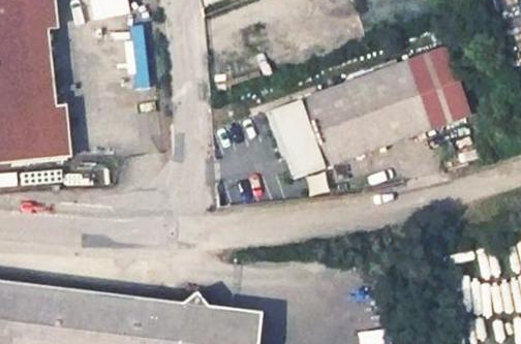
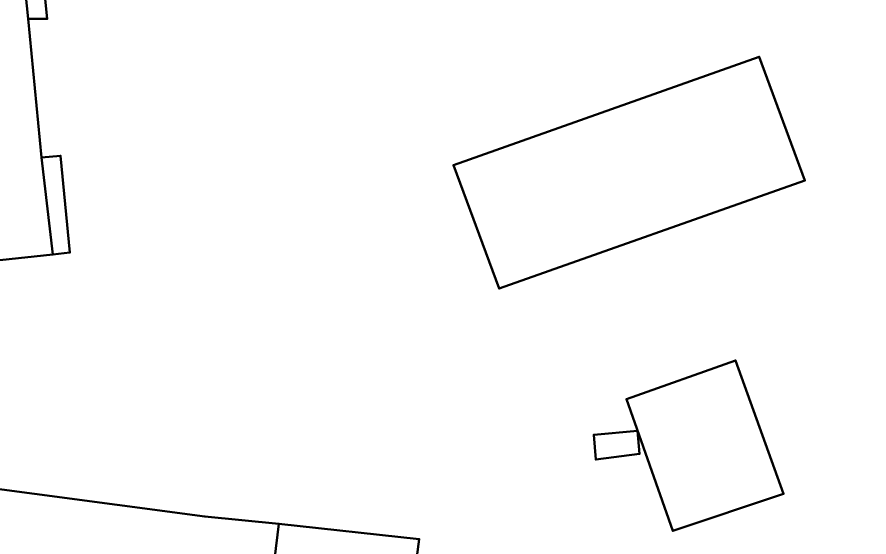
building: none -> [626,361,784,531]

